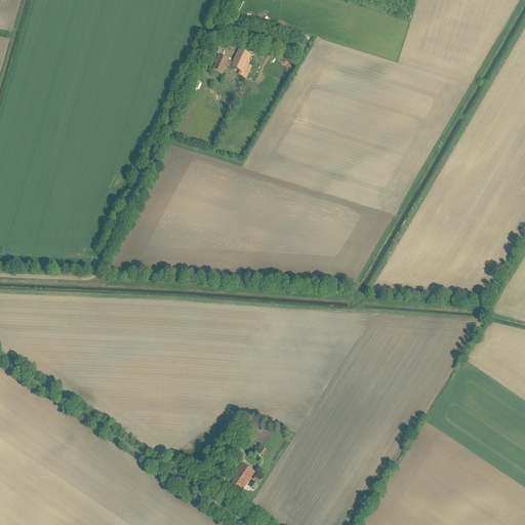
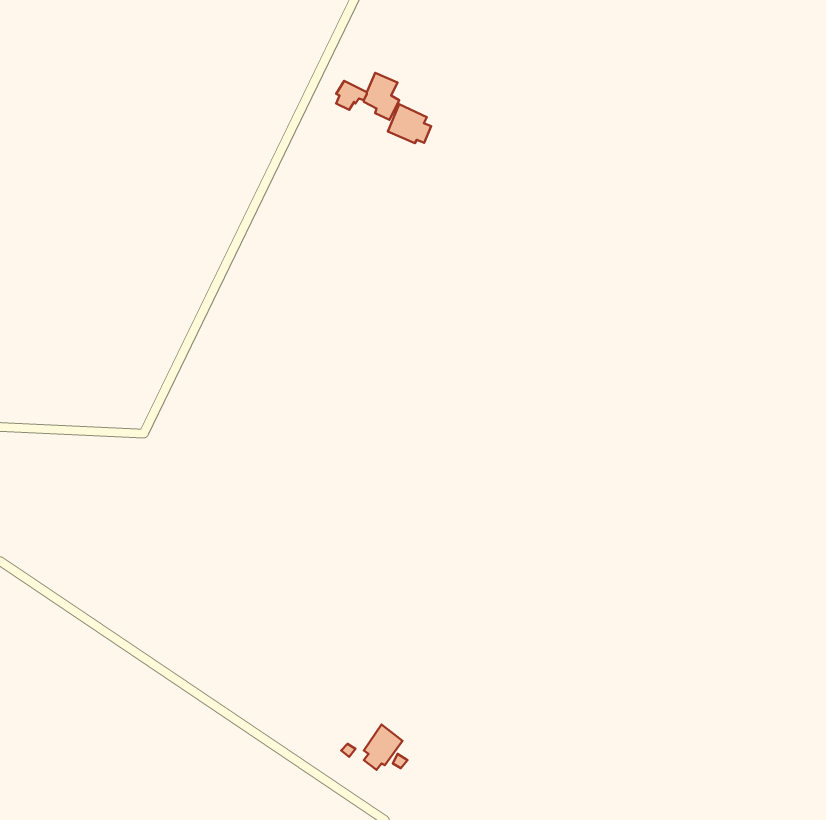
building: none -> [388,104,431,143]

